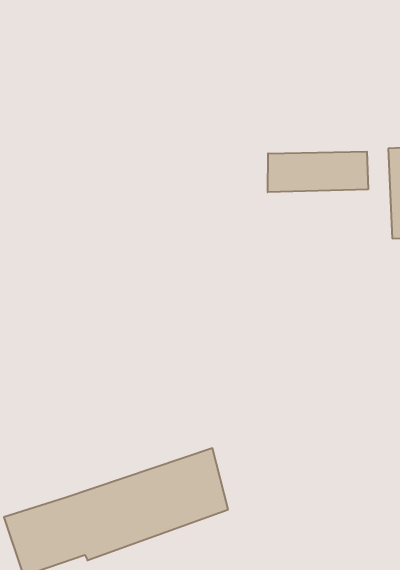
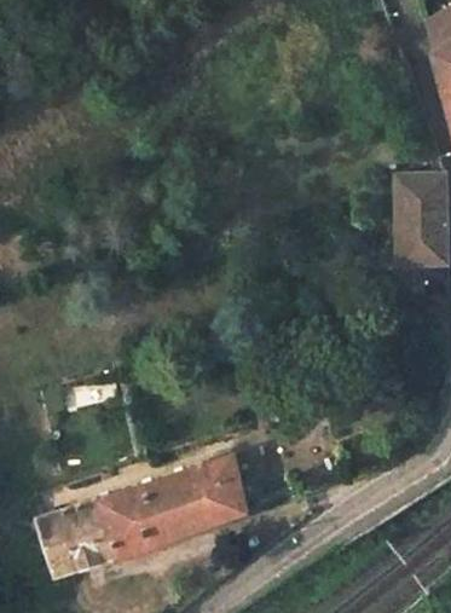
building: [268,152,368,192] -> none

